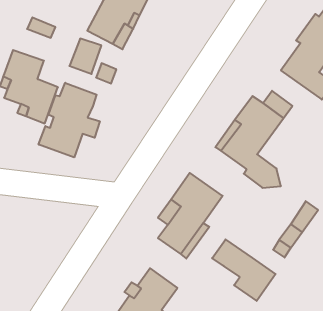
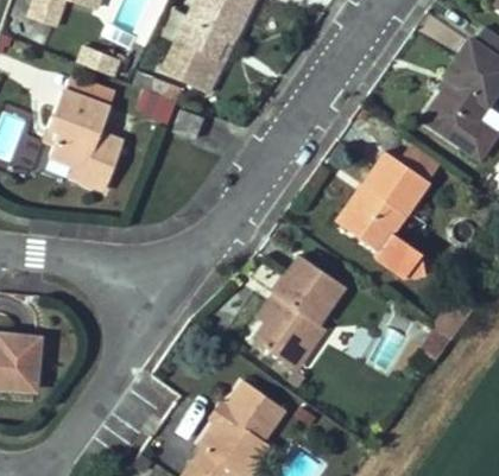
building: [39,83,100,157] -> none
building: [212,239,276,301] -> none

